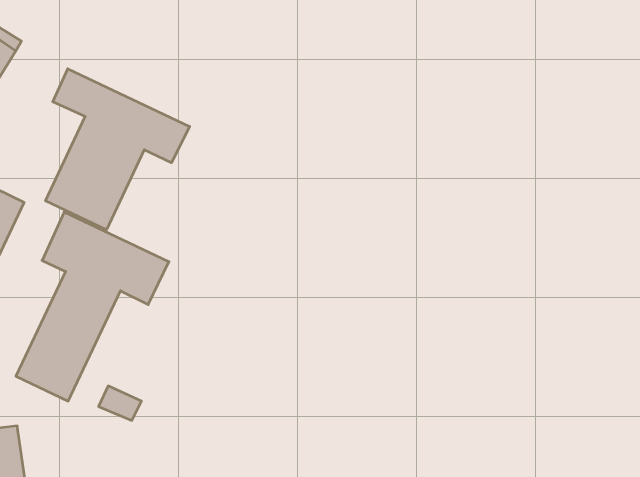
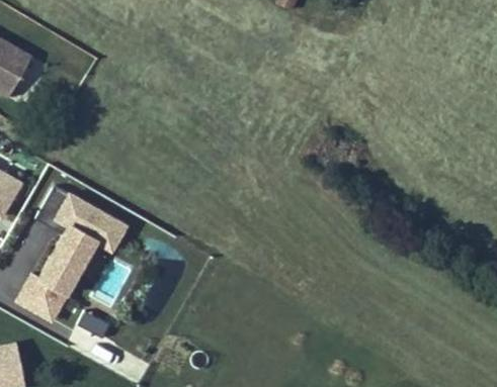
building: [46,69,190,230] -> none

